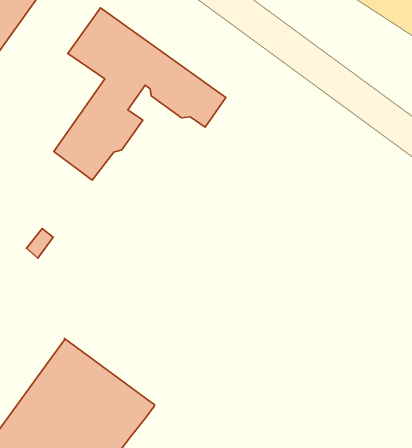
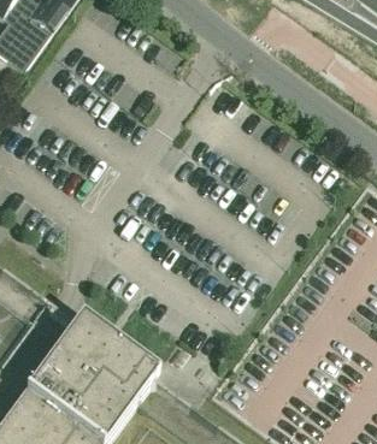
building: [54,8,226,180] -> none

